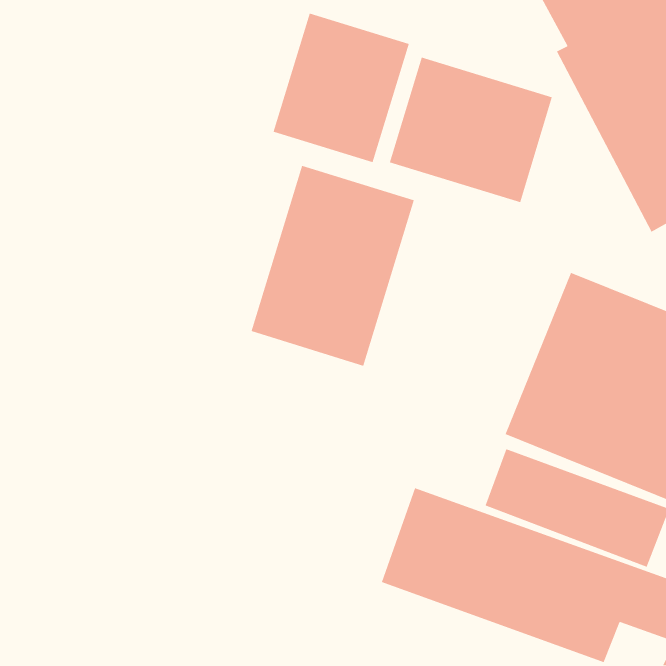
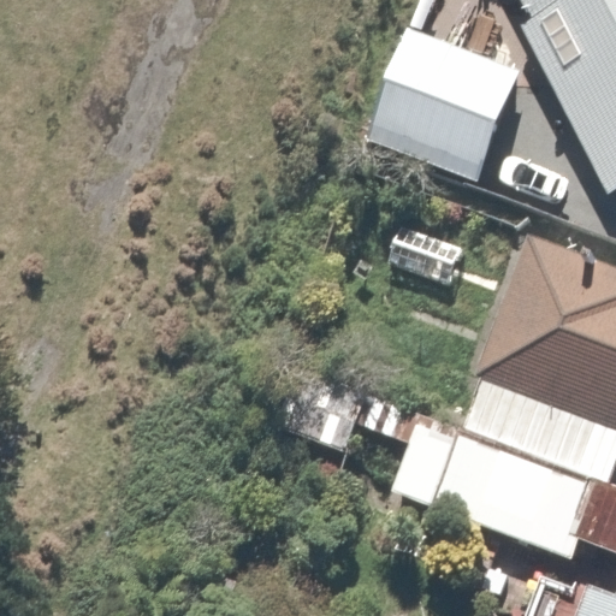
building: [273,12,410,163] -> none
building: [250,165,415,367] -> none

